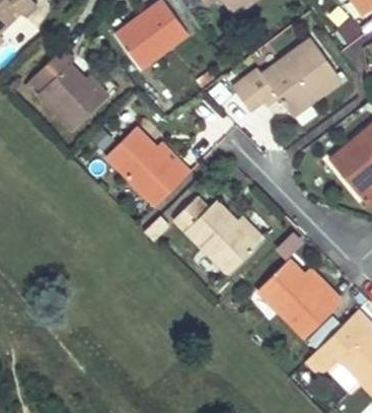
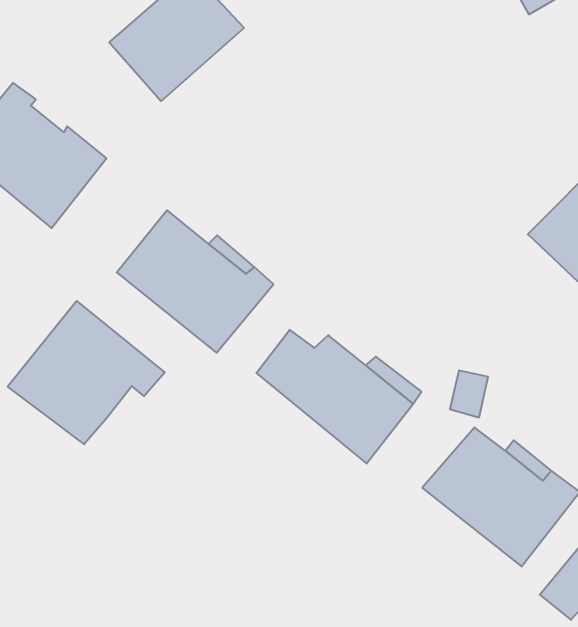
building: [233,39,342,116] -> none
building: none -> [8,301,165,444]

